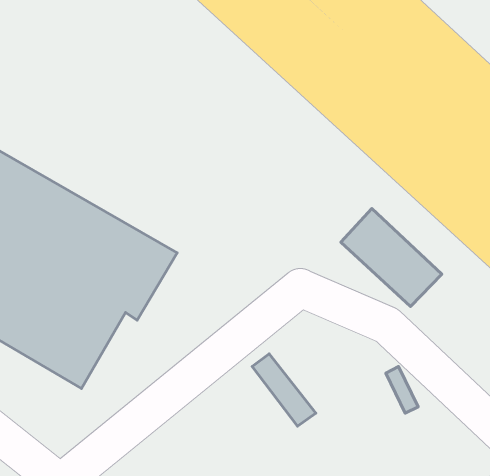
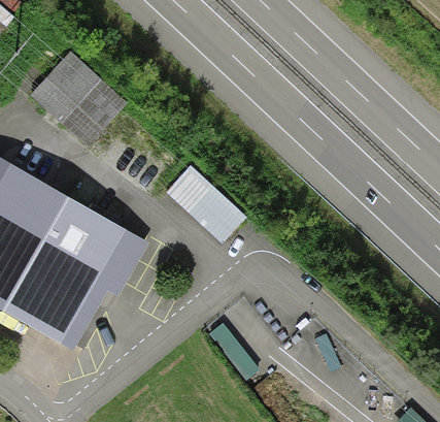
building: none -> [30,52,126,145]
building: [341,208,442,307] -> [166,164,246,242]

